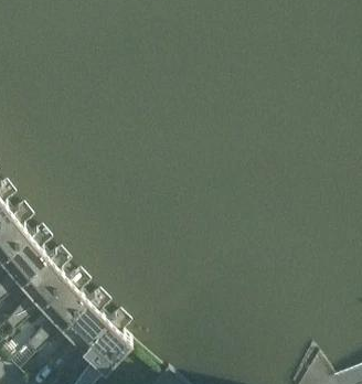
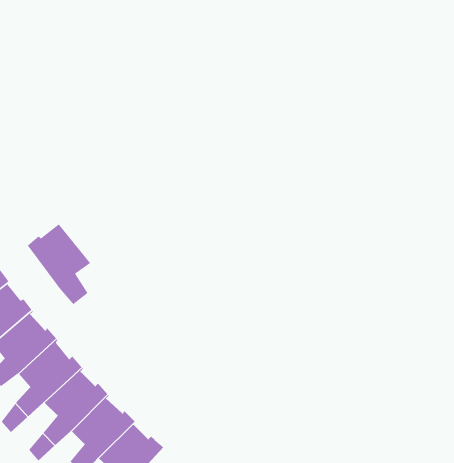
building: none -> [27,221,91,305]

